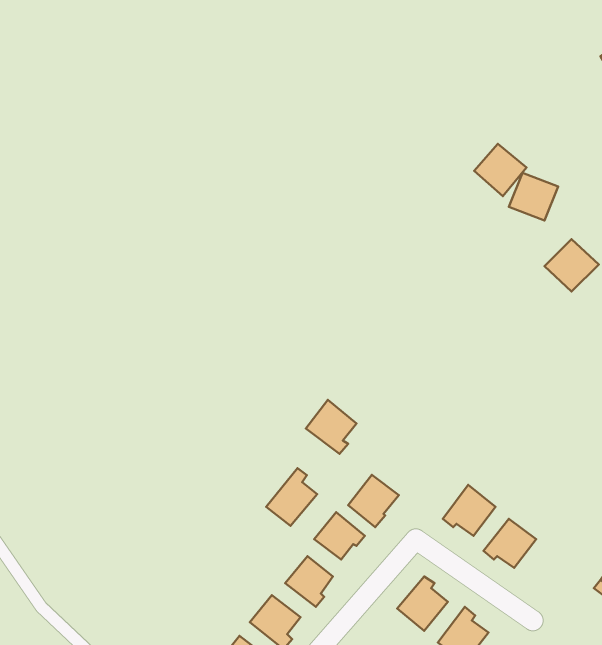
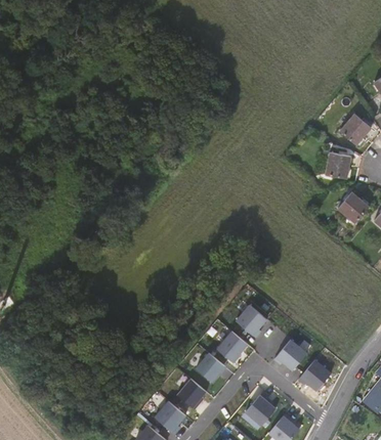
building: [474,144,527,196] -> [334,112,366,143]
building: [306,400,357,454] -> [235,304,265,337]
building: [266,468,317,526] -> none

